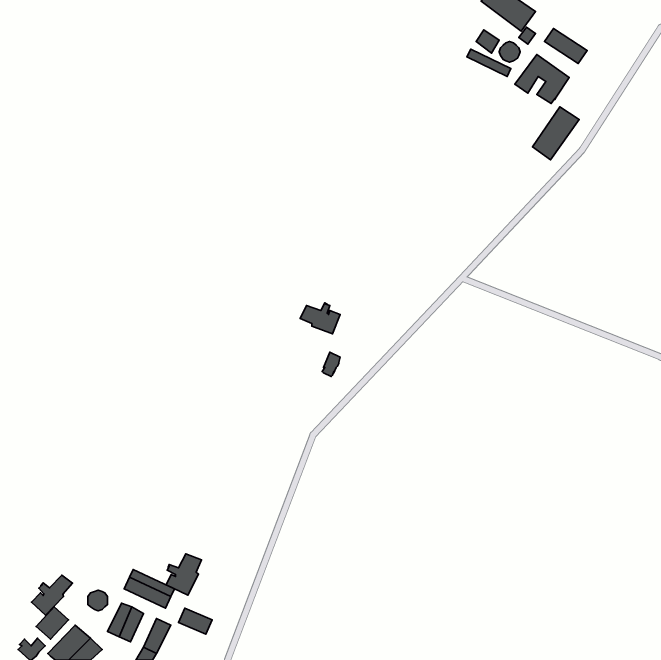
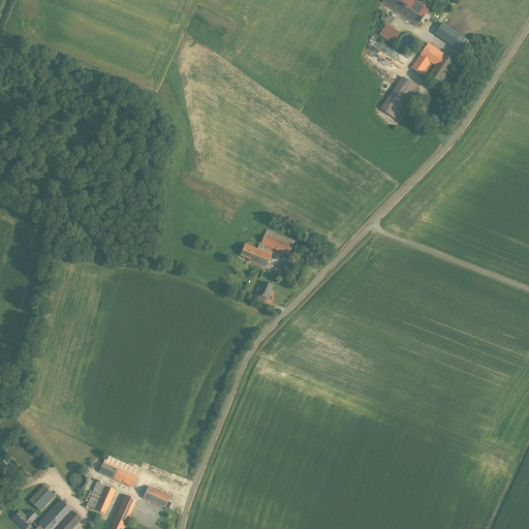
building: [533,107,579,160] -> [381,76,418,119]
building: none -> [260,229,294,254]
building: [166,554,202,595] -> none
building: [32,575,73,615] -> none

